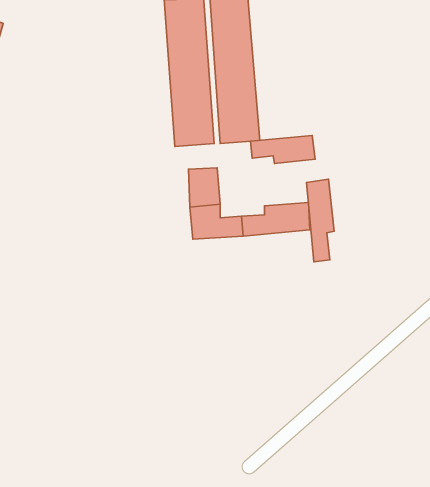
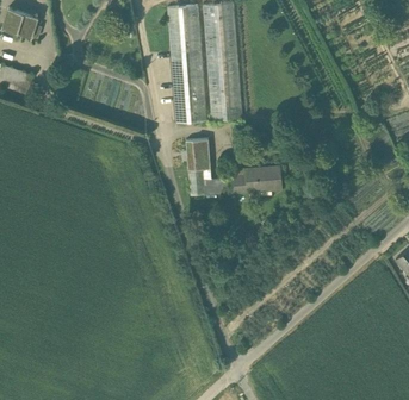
building: [250,136,315,164] -> none
building: [307,179,334,262] -> none

